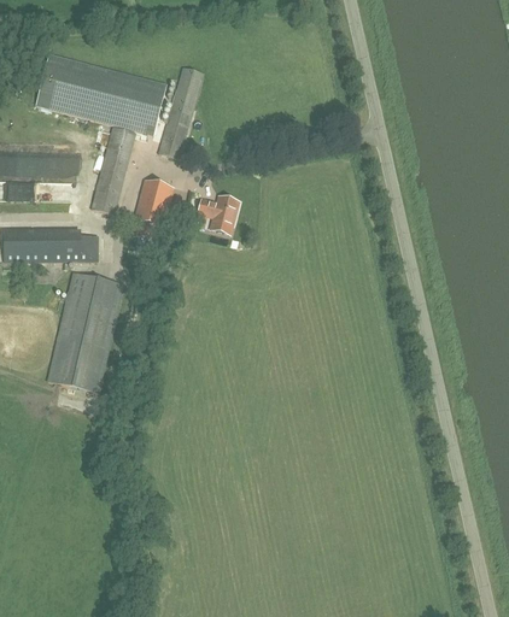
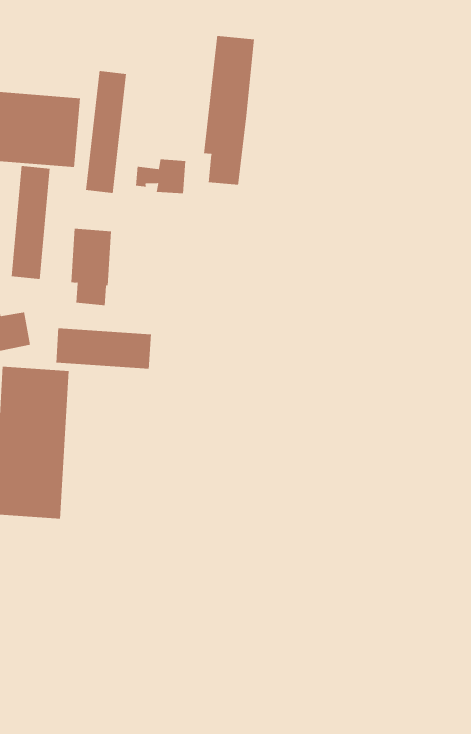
building: none -> [204,35,255,186]
building: [198,194,239,223] -> [135,159,186,194]
building: none -> [56,328,151,369]

